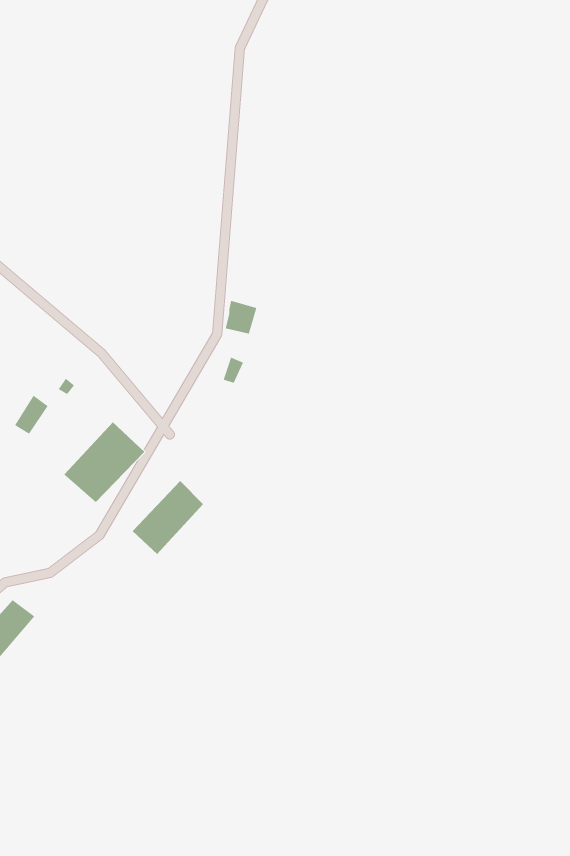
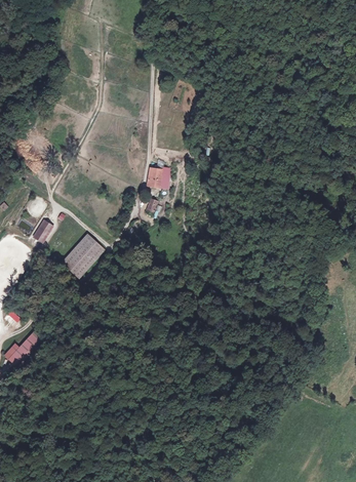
building: [132,480,204,555] -> none

